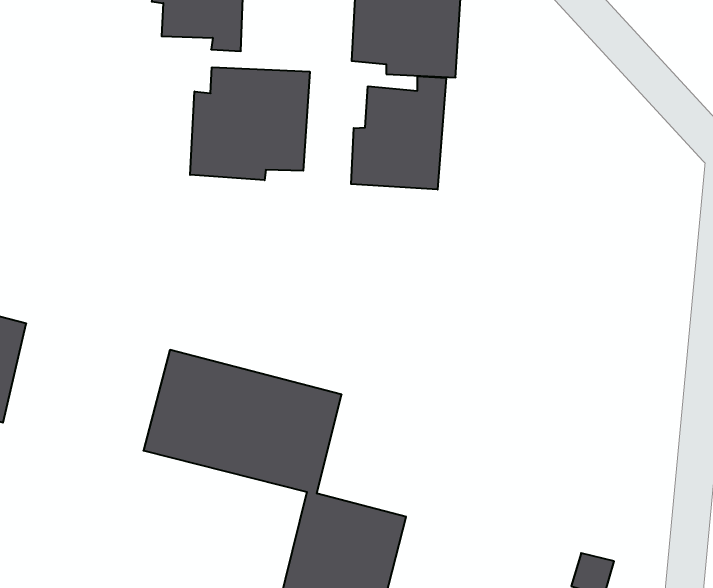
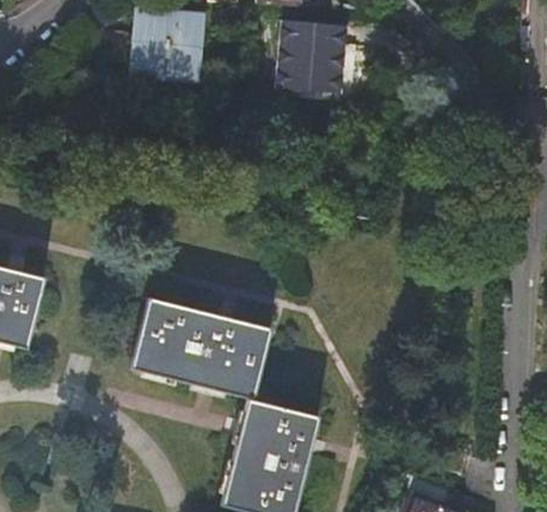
building: [190,67,310,180] -> none
building: [351,76,446,190] -> none

